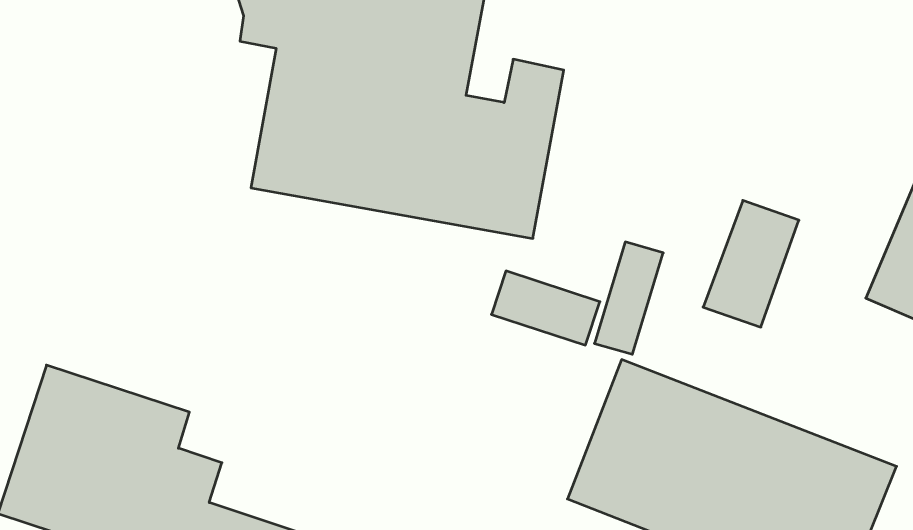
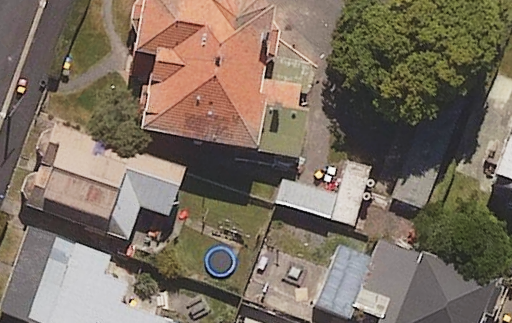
building: none -> [22,122,182,239]

